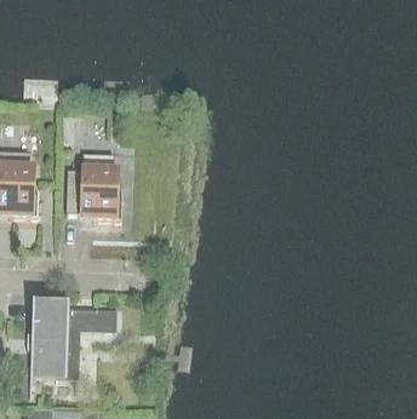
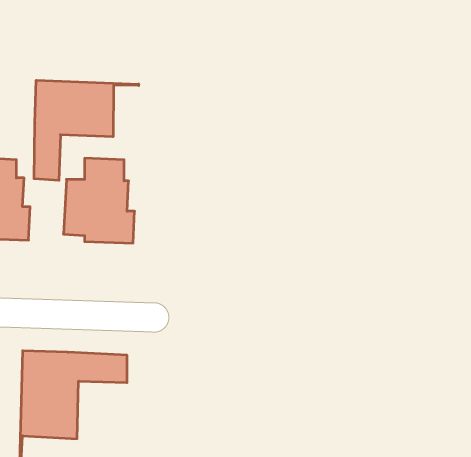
building: none -> [34,80,139,180]

